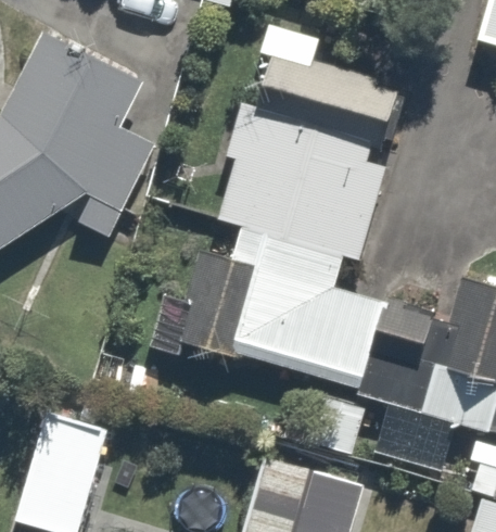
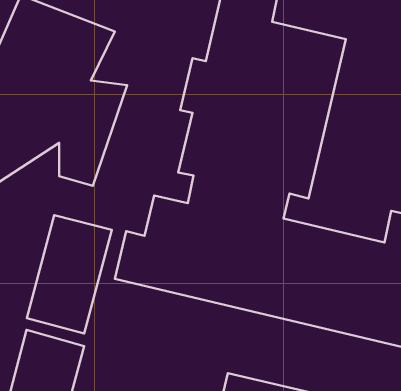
building: none -> [27,215,112,333]

